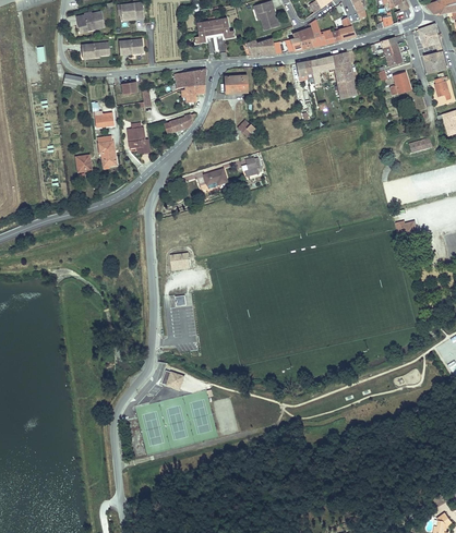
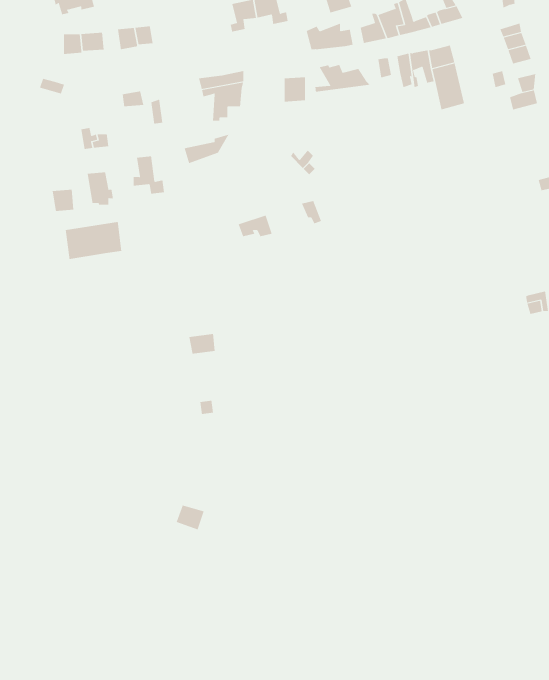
building: none -> [315,64,371,92]
building: none -> [65,221,122,260]

